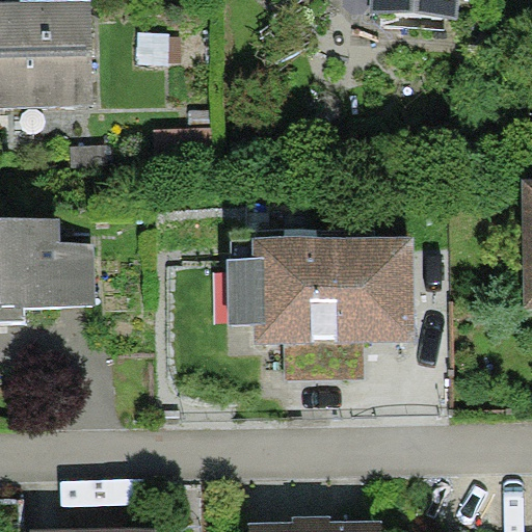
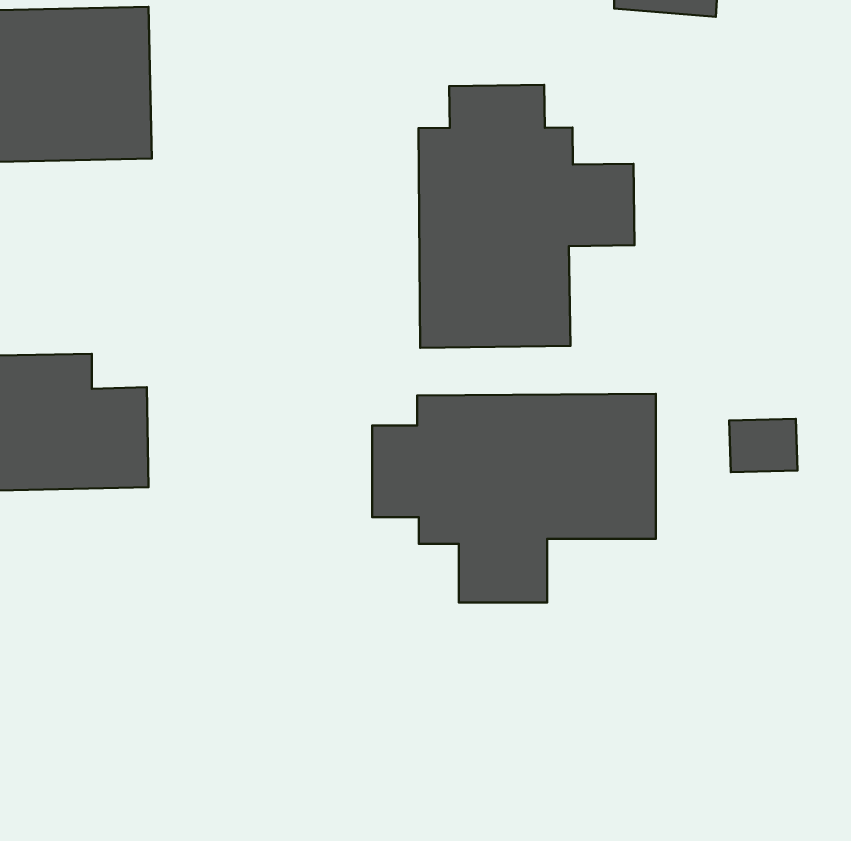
building: none -> [419,85,635,348]

